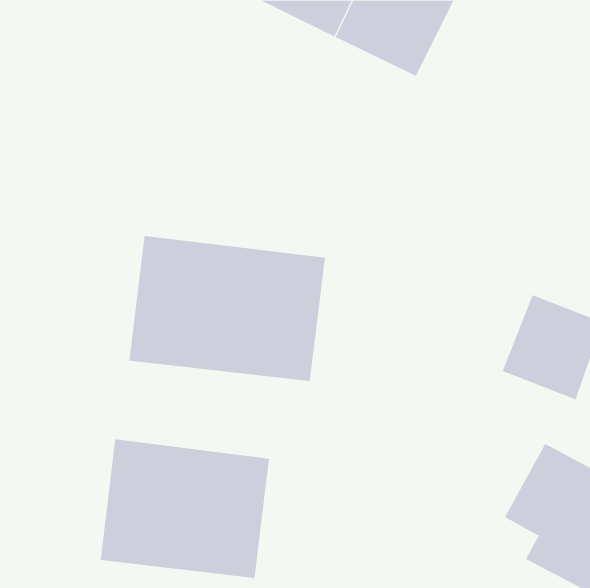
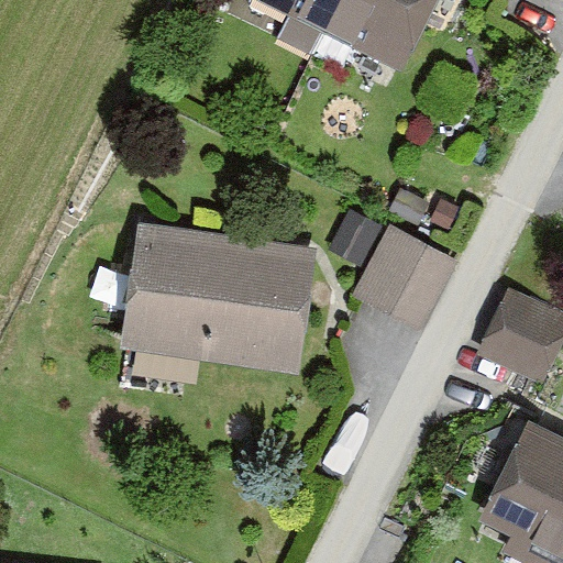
building: none -> [357,224,457,324]
building: [100,439,269,579] -> none

